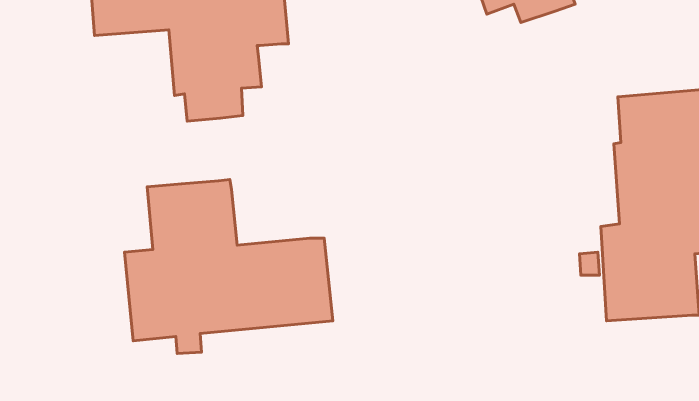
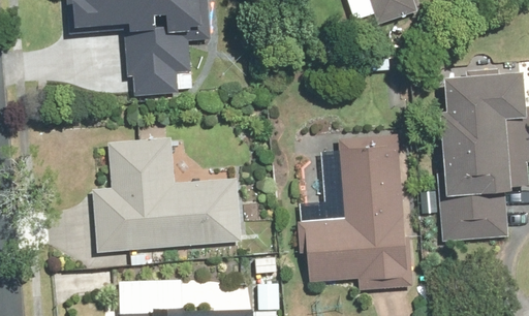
building: none -> [297,133,412,292]

